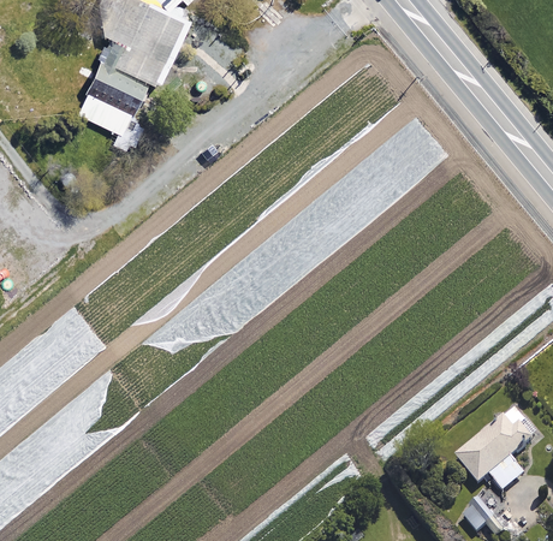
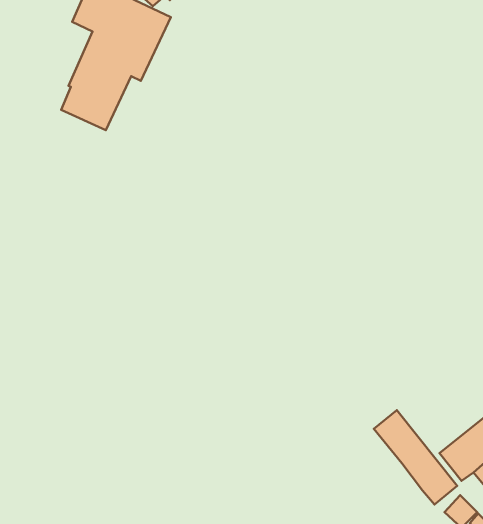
building: none -> [374,410,457,504]

